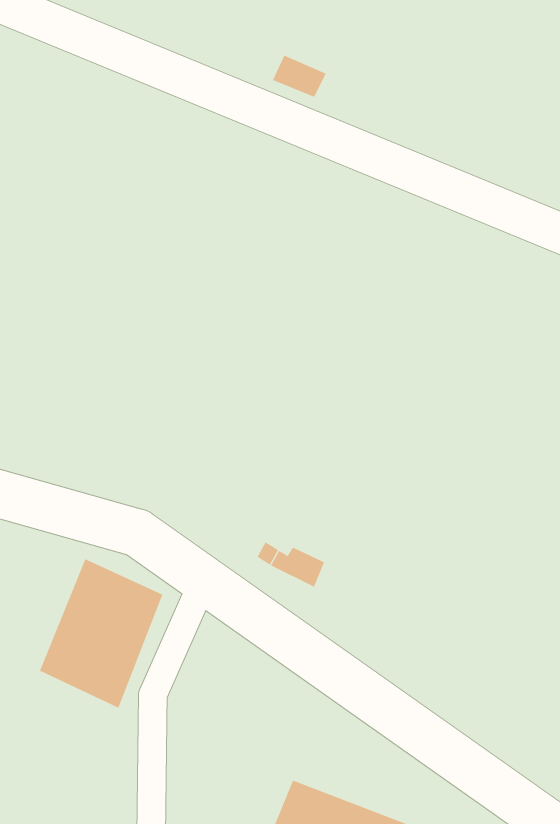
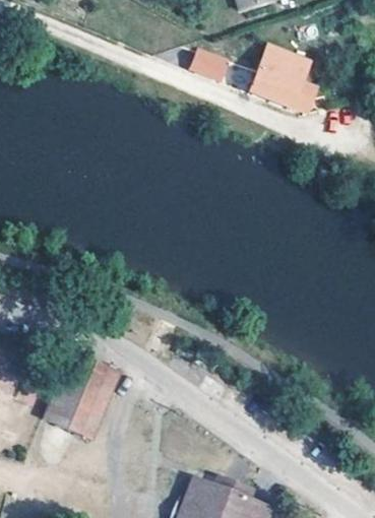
building: none -> [247,46,312,112]

